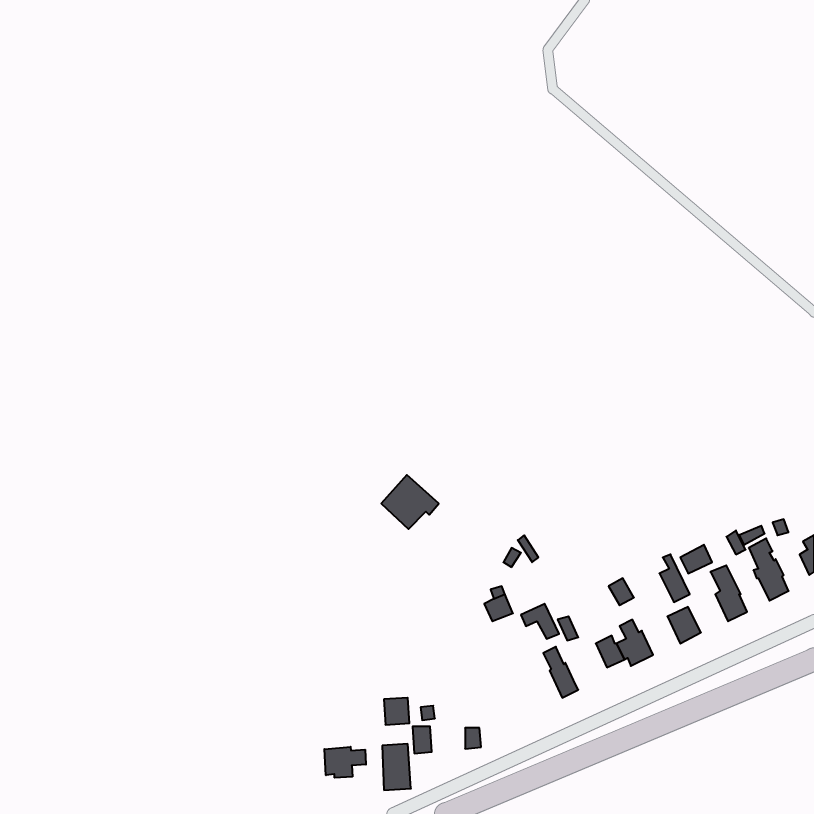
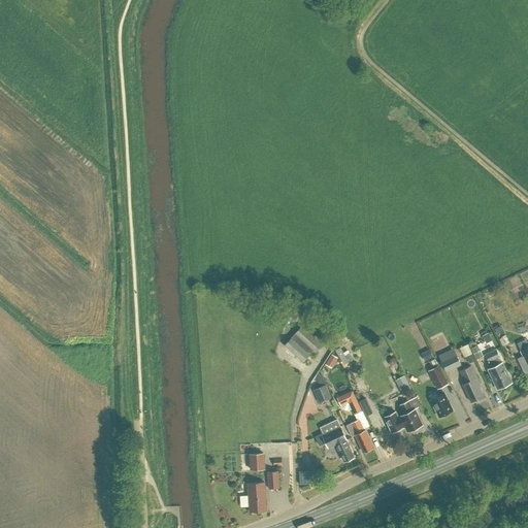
building: [381,475,439,529] -> [287,327,324,362]
building: none -> [317,429,354,461]
building: [324,747,366,778] -> none

